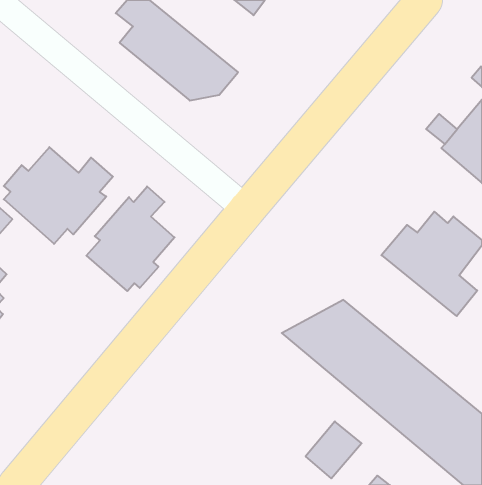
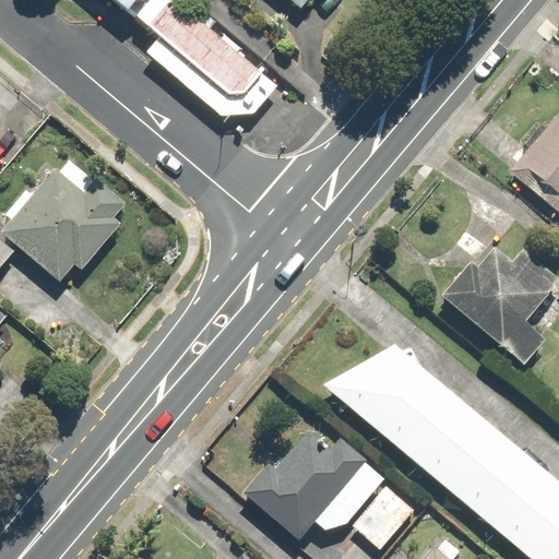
building: [86,186,175,291] -> none
building: none -> [243,421,385,543]

